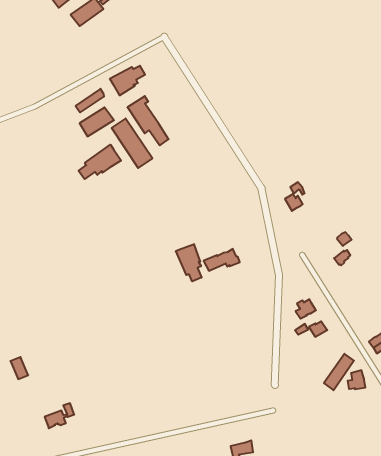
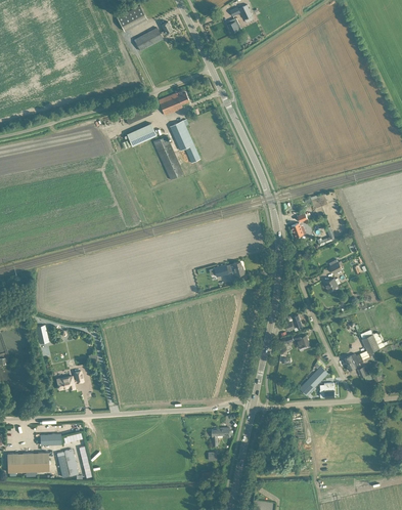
building: [79,145,121,179] -> none
building: [176,244,202,281] -> none

